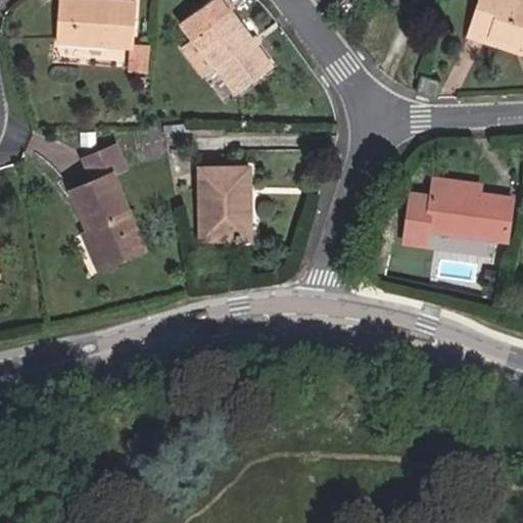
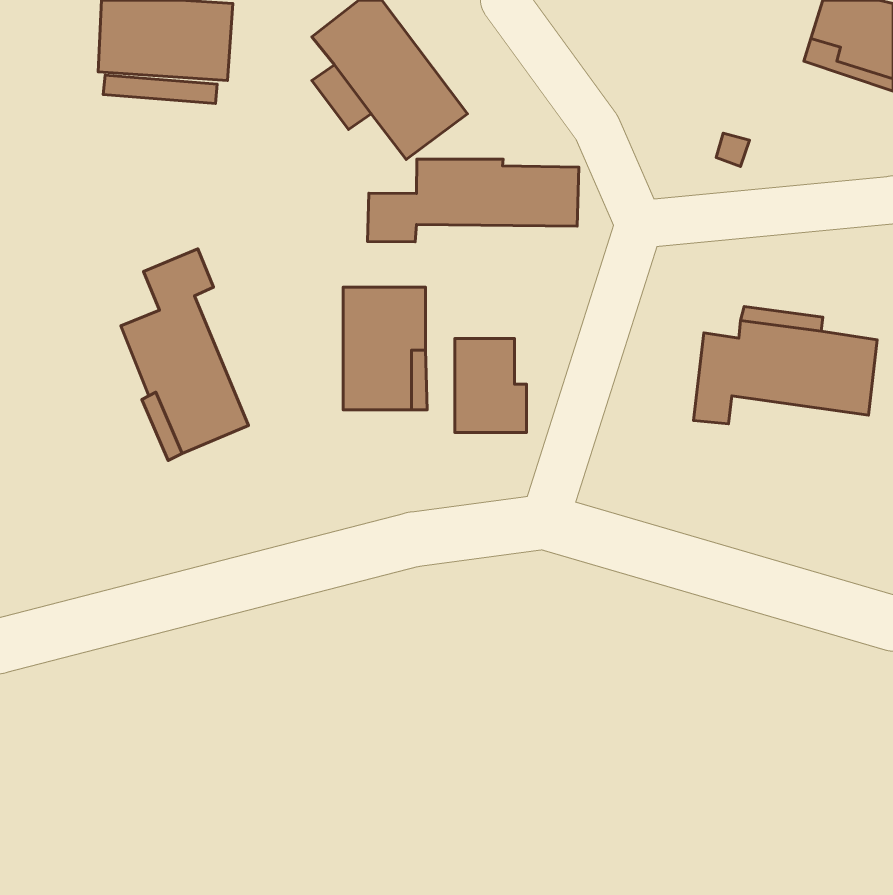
building: none -> [368,159,579,242]
building: none -> [455,338,527,432]

